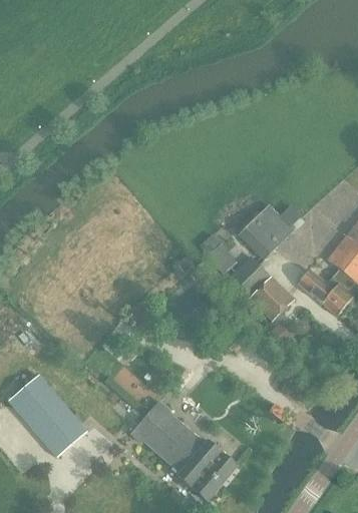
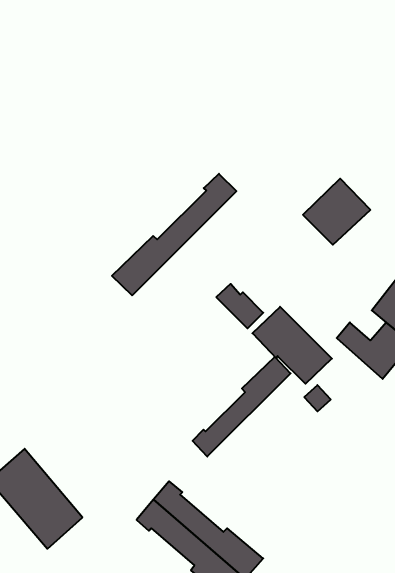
building: none -> [112,174,236,295]
building: [238,203,294,259] -> [303,179,370,245]
building: none -> [193,357,291,457]

